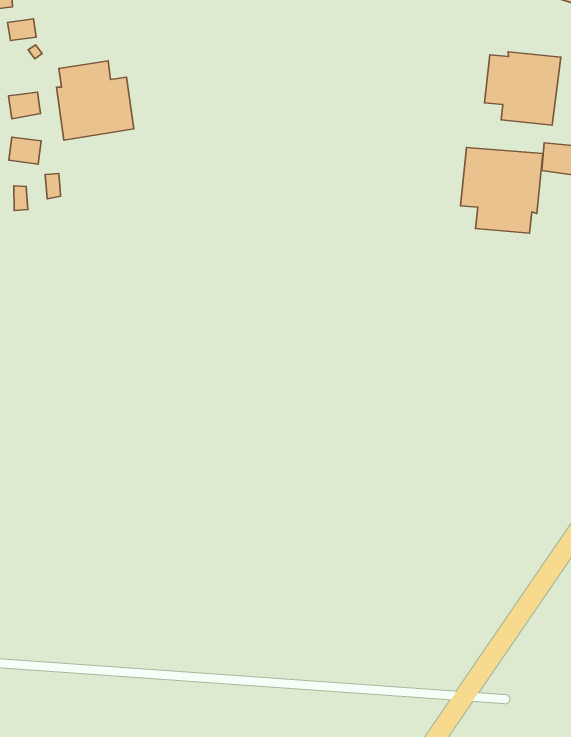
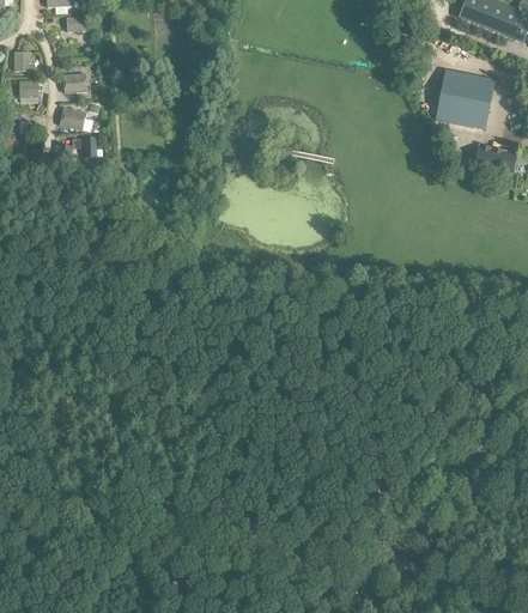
building: [57,61,134,140] -> none
building: [461,148,543,233] -> none

